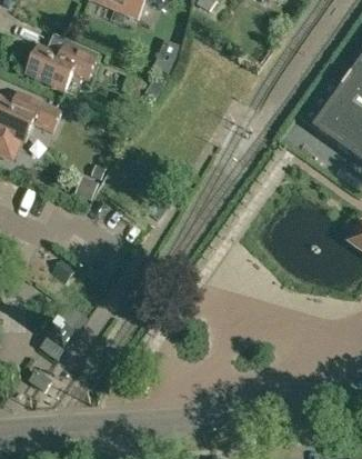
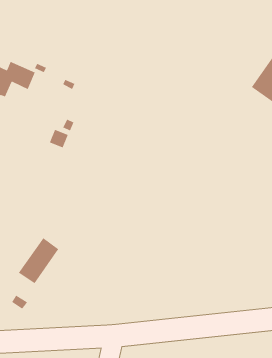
building: [26,43,95,87] -> none

